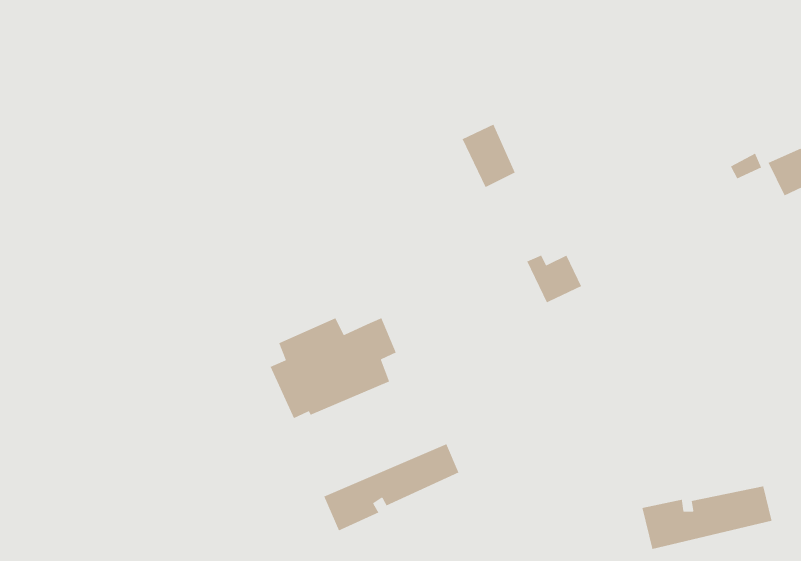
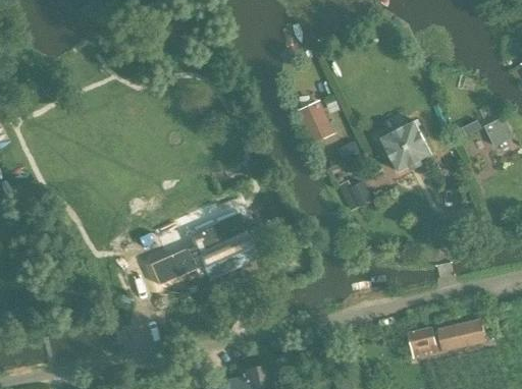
building: none -> [379,119,431,171]
building: none -> [149,254,180,284]
building: [323,443,460,532] -> none

